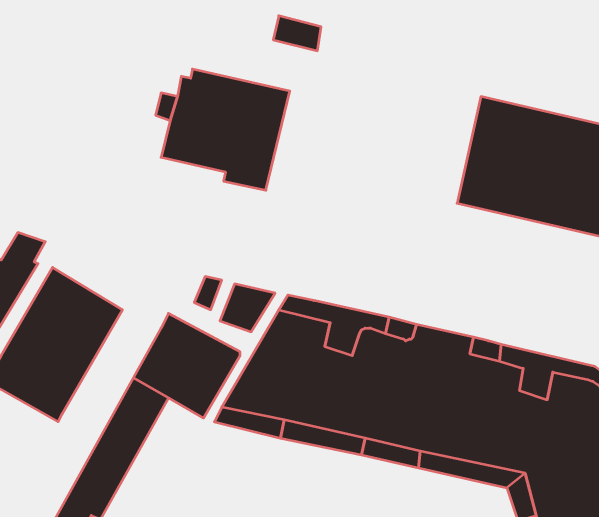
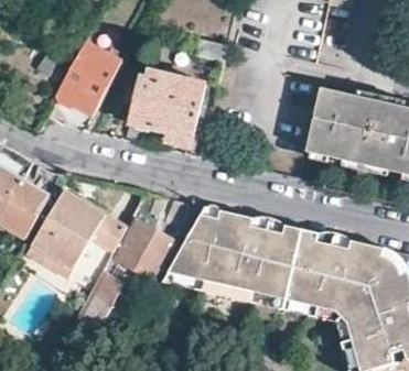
building: none -> [55,39,123,113]

